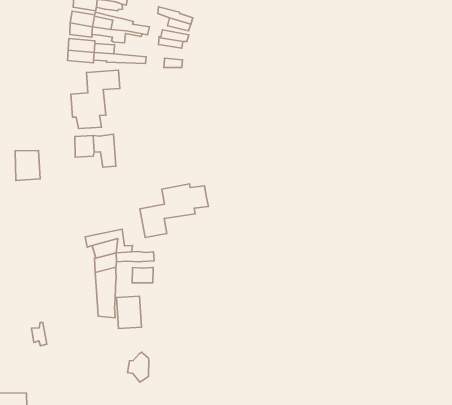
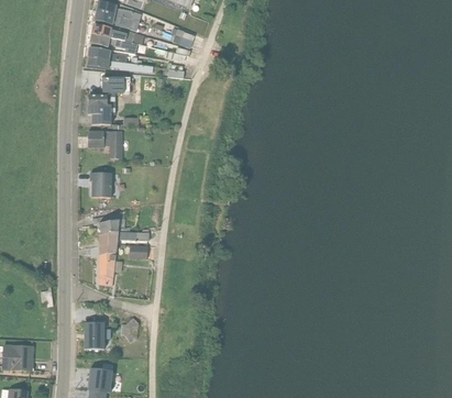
building: [15,151,40,180] -> [90,172,111,197]
building: [140,184,208,238] -> none
building: [116,296,142,328] -> [84,322,103,349]

